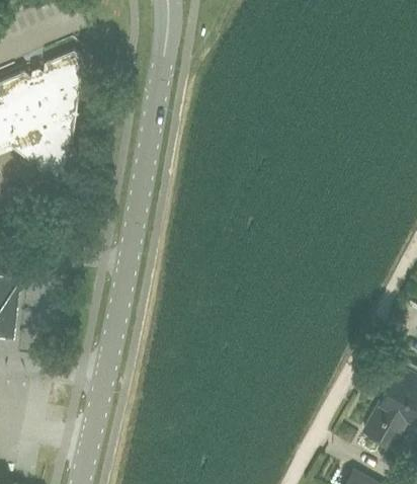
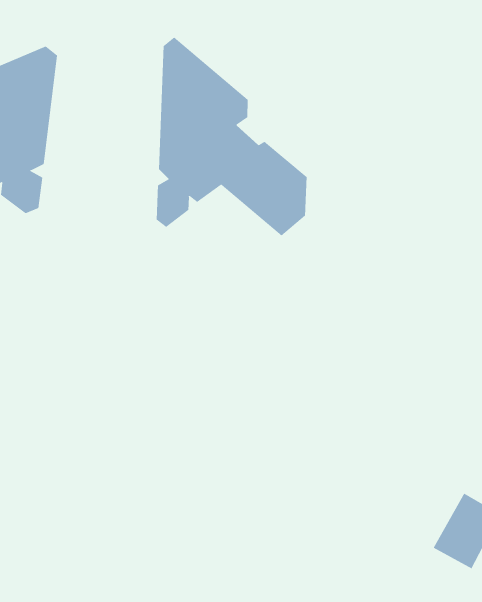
building: none -> [156,37,307,237]

